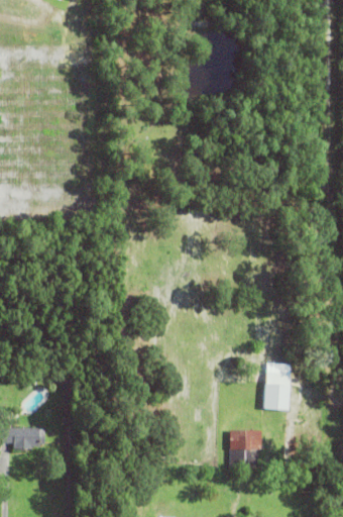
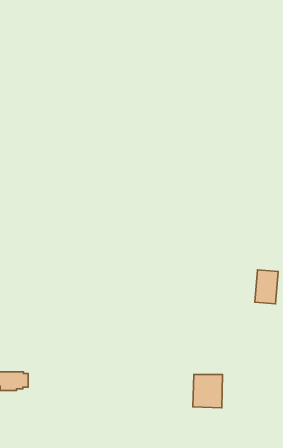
building: [263,372,290,410] -> [255,270,278,304]

